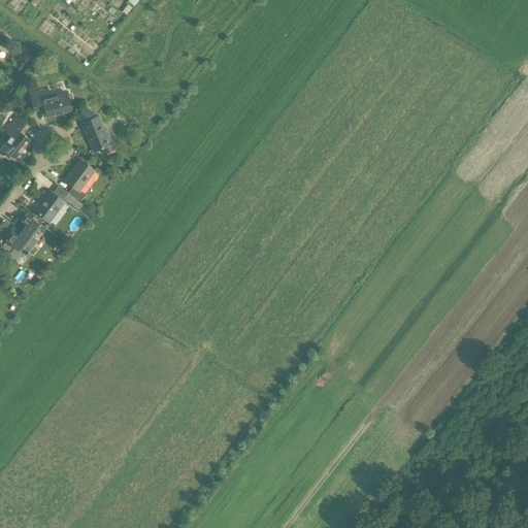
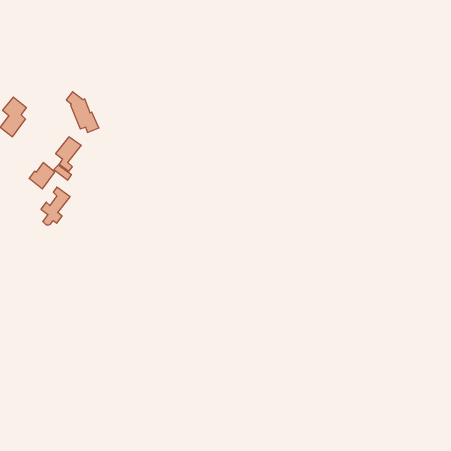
building: [29,88,71,117] -> none
building: [7,213,41,258] -> [41,187,70,225]

